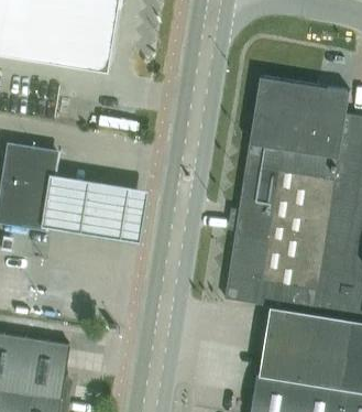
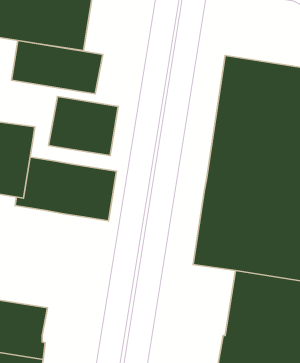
building: none -> [11,40,103,94]
building: none -> [49,96,118,156]

